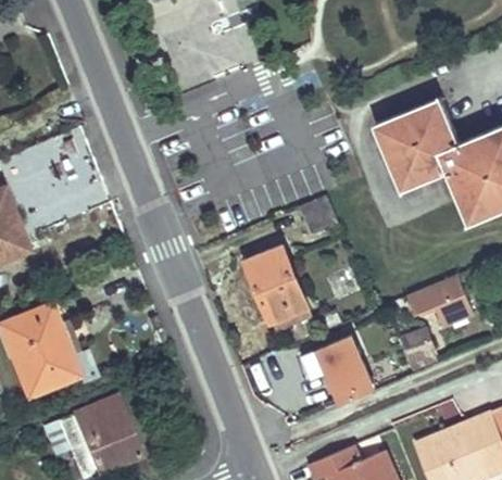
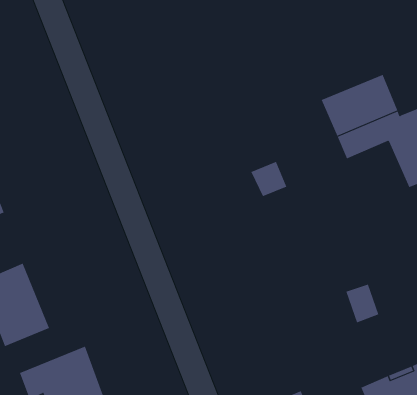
building: [247,249,308,329] -> none
building: [406,274,473,325] -> none
building: [305,334,374,404] -> none

